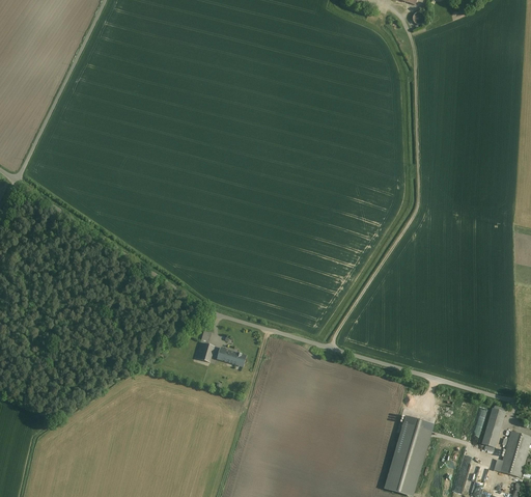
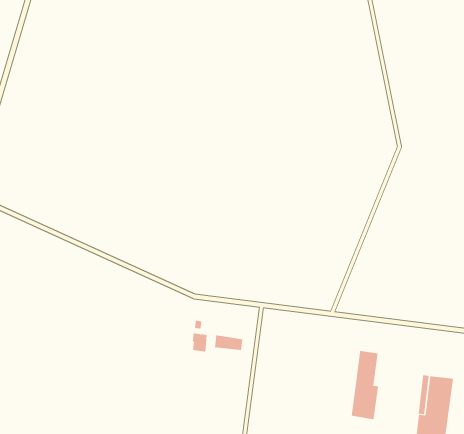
building: none -> [351,350,379,420]

